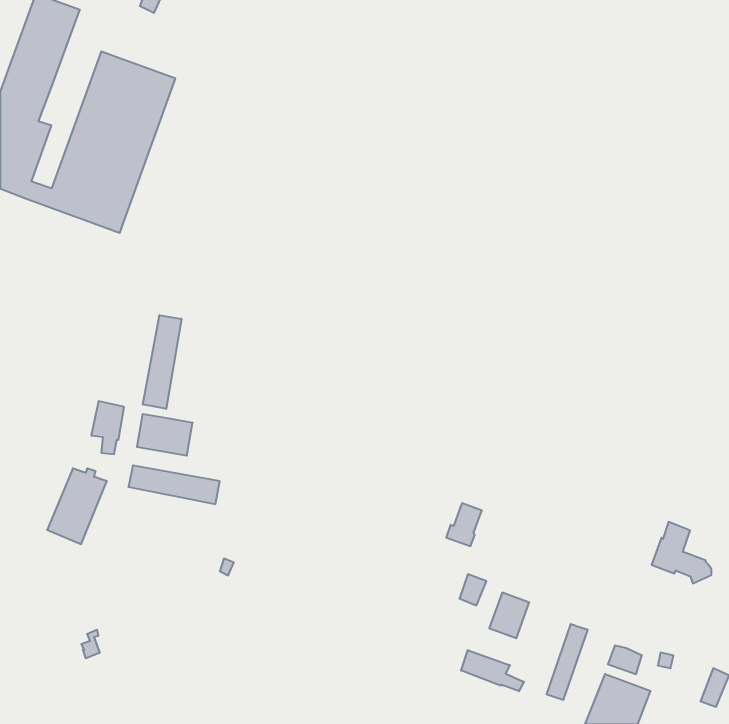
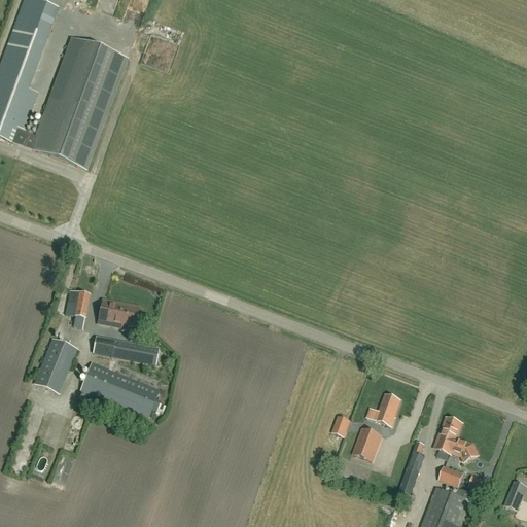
building: [143,315,182,409] -> none
building: none -> [81,362,159,416]
building: [446,503,482,546] -> [375,394,400,425]
building: [652,522,711,583] -> [434,416,478,460]
building: [461,650,524,691] -> none

